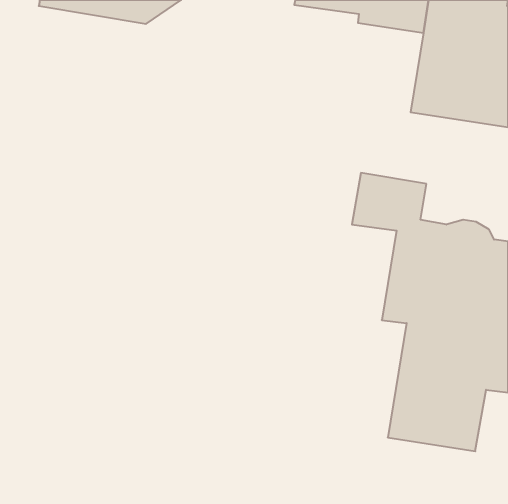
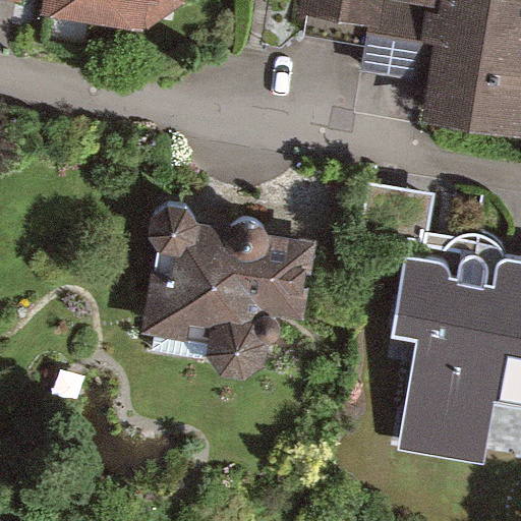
building: none -> [142,197,316,374]

